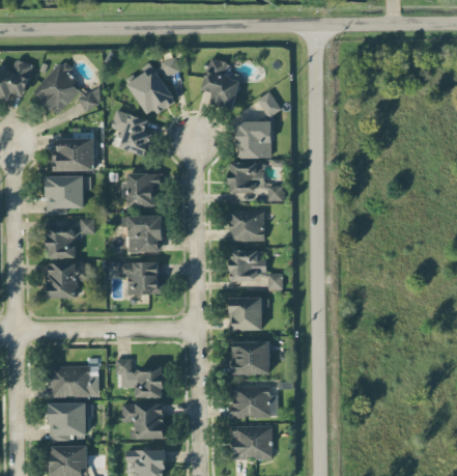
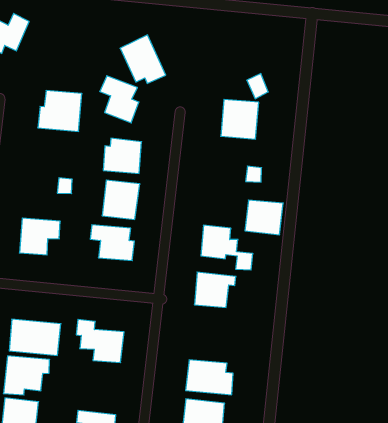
building: [202,58,240,108] -> none
building: [32,64,105,116] -> none
building: [229,162,264,192] -> none
building: [46,175,90,215] -> none
building: [229,209,264,242] -> [245,200,283,235]
building: [47,226,76,258] -> none
building: [232,341,270,374] -> none
building: [121,402,164,439] -> none

